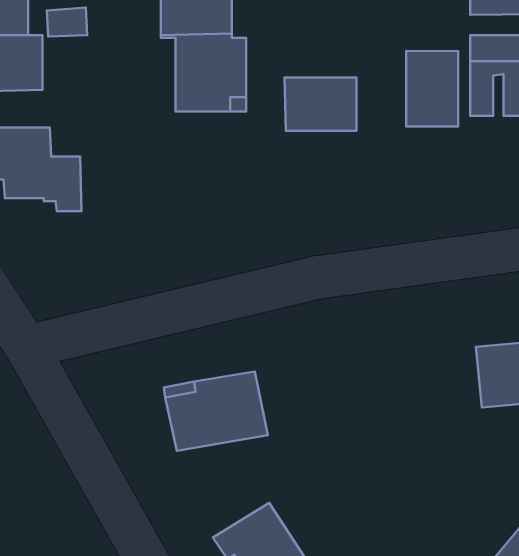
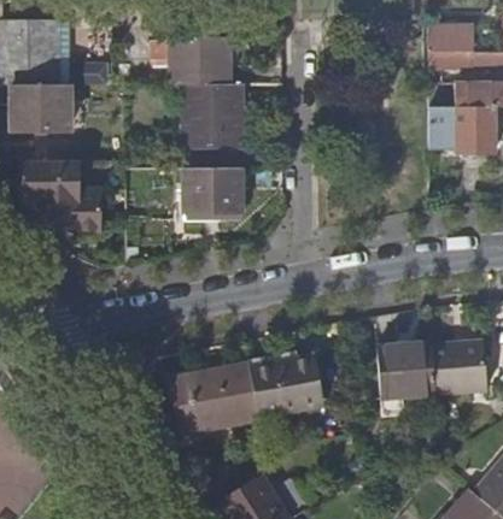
building: [406,51,458,127] -> none
building: [284,77,357,131] -> [182,169,242,213]
building: none -> [380,343,438,399]
building: none -> [248,352,323,417]

